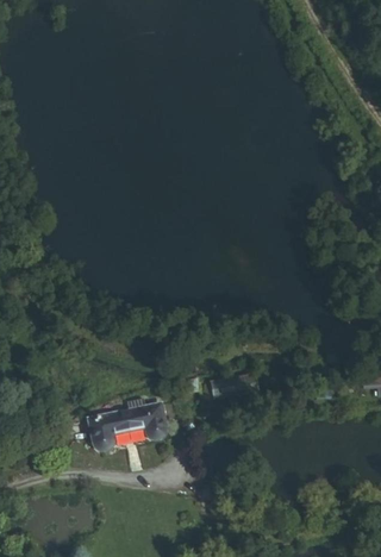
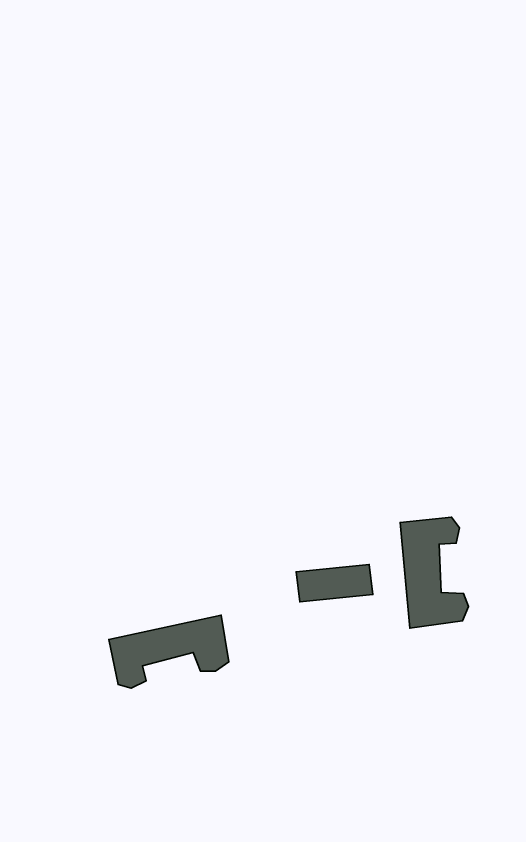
building: none -> [400,517,468,628]

